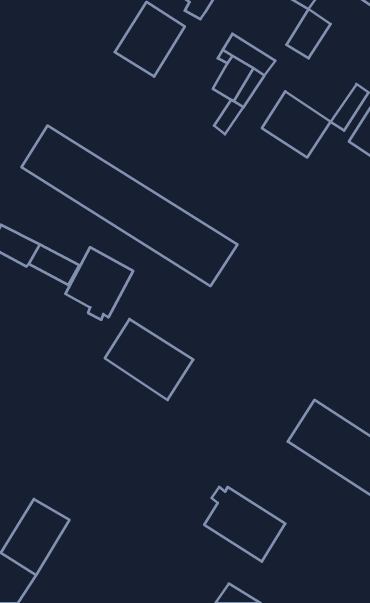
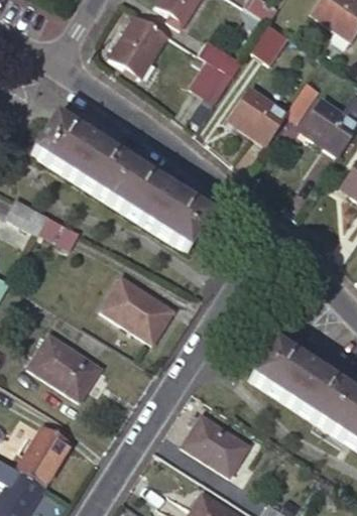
building: [65,247,133,320] -> none
building: none -> [27,336,100,401]

